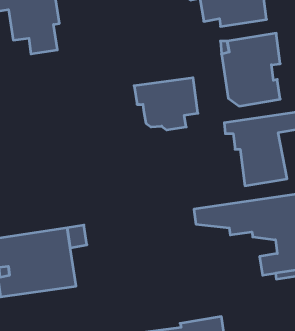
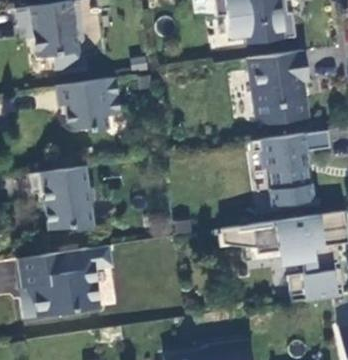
building: [134,78,198,130] -> [56,78,121,131]
building: none -> [30,165,95,230]

